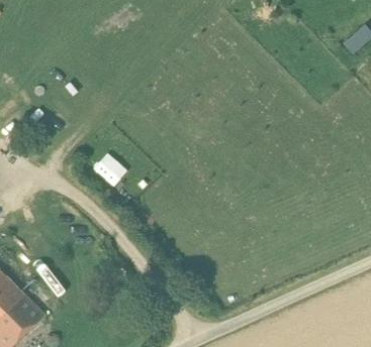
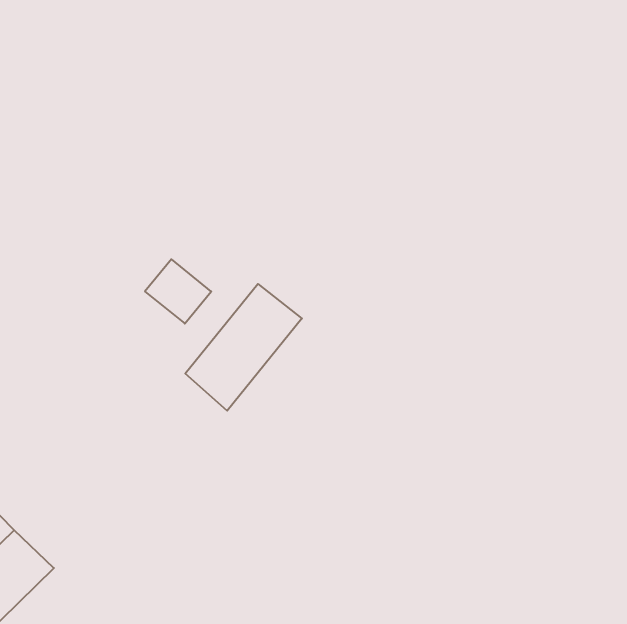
building: none -> [185,284,302,411]

